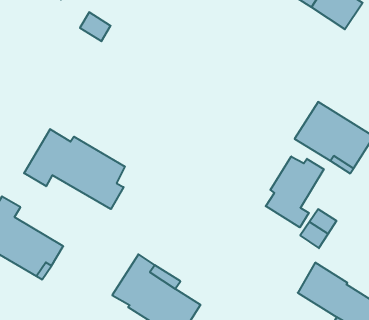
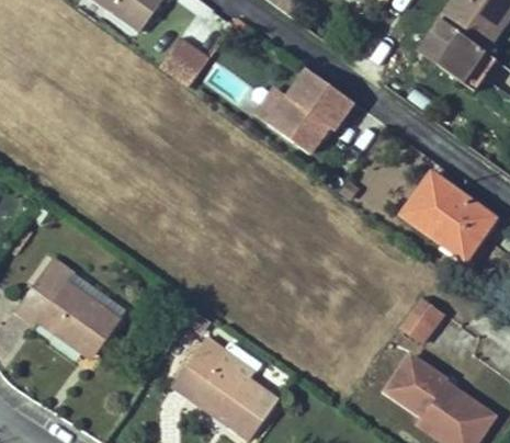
building: none -> [251,65,353,156]
building: [24,129,125,209] -> none
building: [266,156,324,227] -> none

